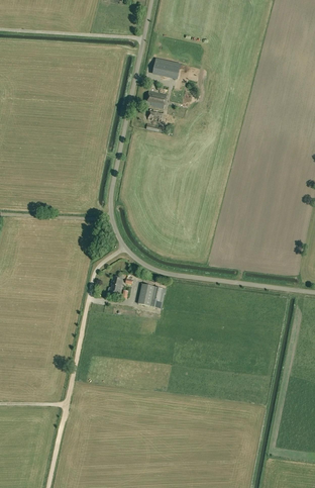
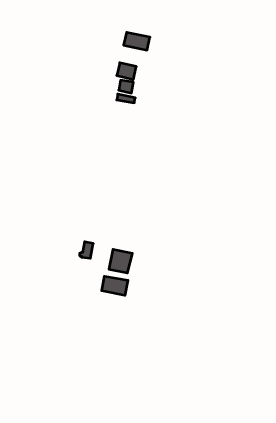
building: none -> [102,276,128,295]

